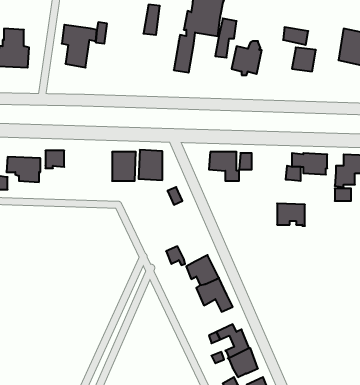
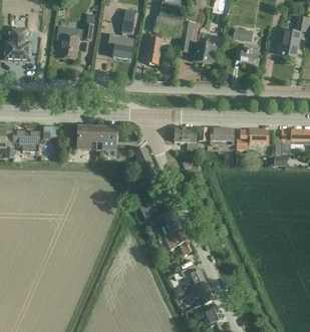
building: none -> [107,34,132,58]
building: [139,150,162,180] -> [77,125,96,149]
building: [277,203,305,226] -> [211,127,233,145]

